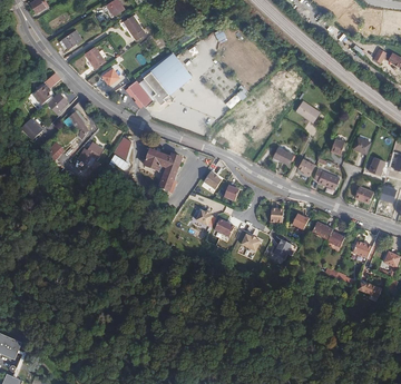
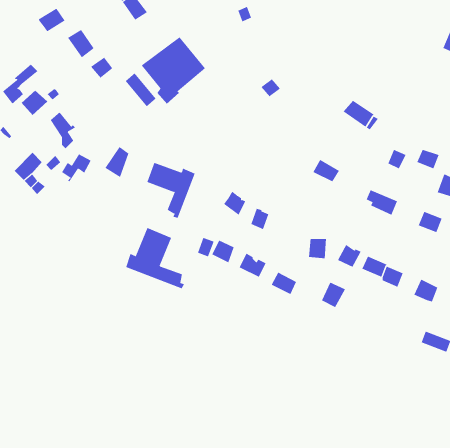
building: none -> [126,227,185,289]

